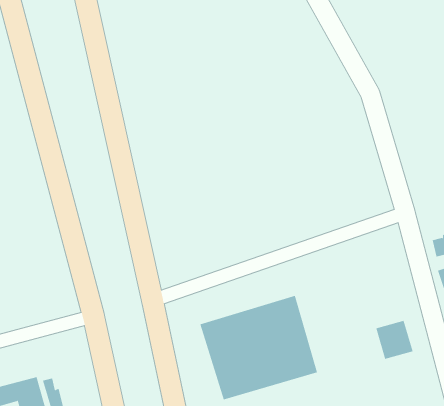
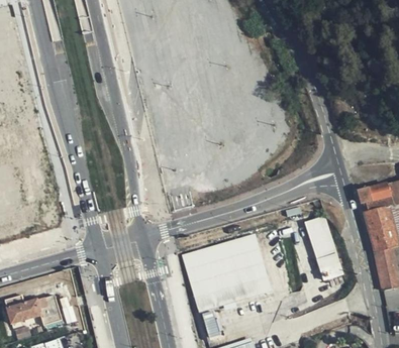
building: none -> [305,217,338,258]

